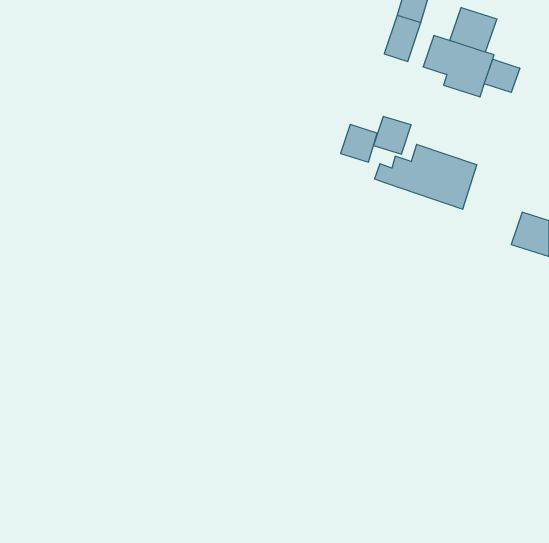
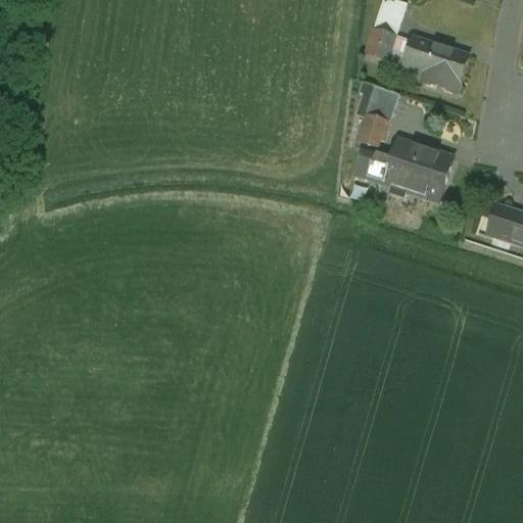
building: [450,7,497,52] -> none
building: [484,59,520,92] -> none
building: [341,124,377,162] -> [364,83,398,118]

